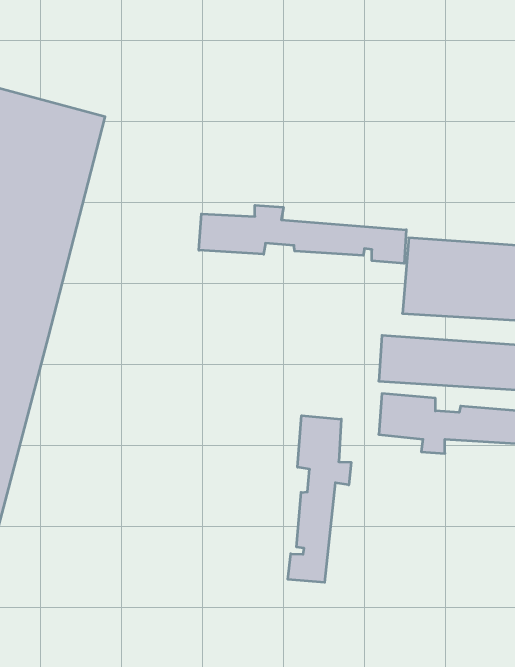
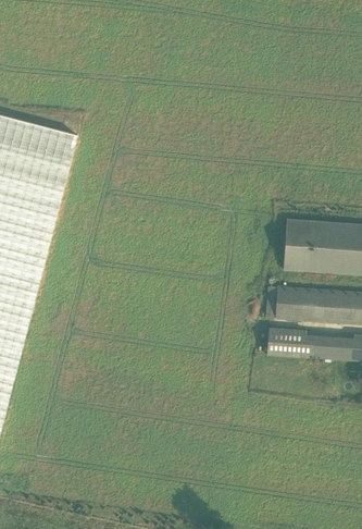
building: [199,205,406,263] -> none
building: [288,416,351,582] -> none

